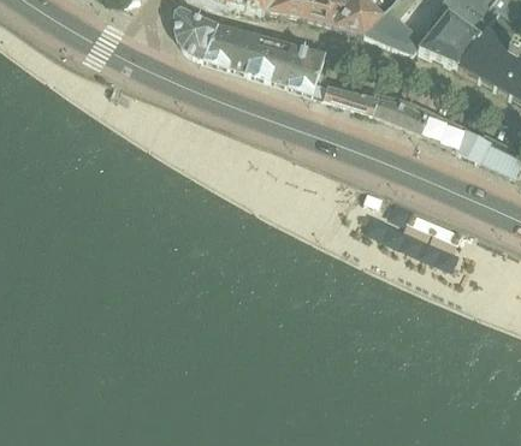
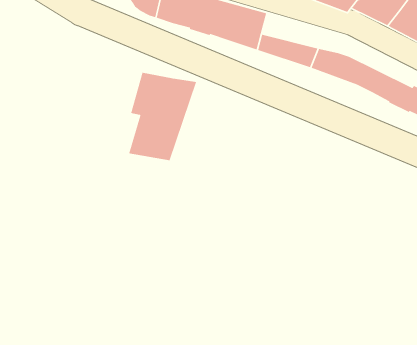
building: none -> [128,72,197,161]

